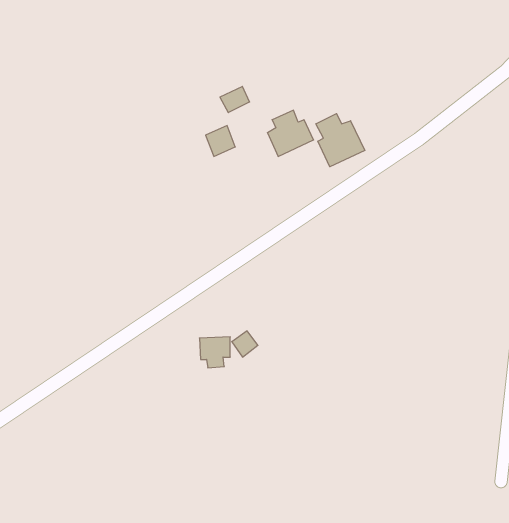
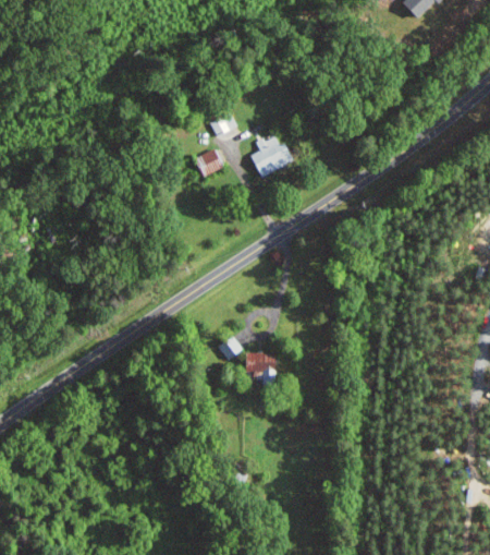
building: [316,114,365,167] -> none
building: [199,337,230,368] -> [246,351,274,379]

